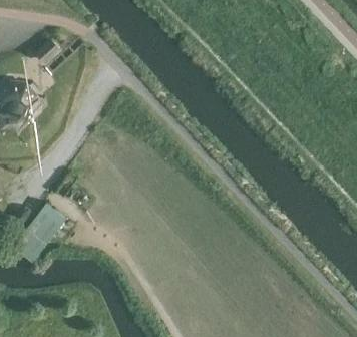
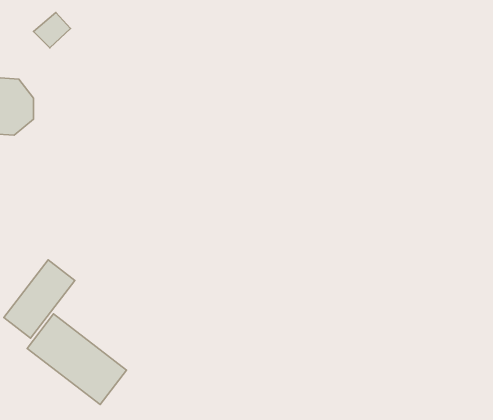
building: none -> [27,314,126,405]

